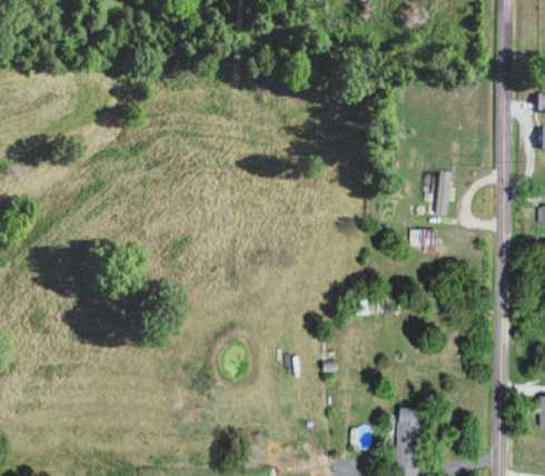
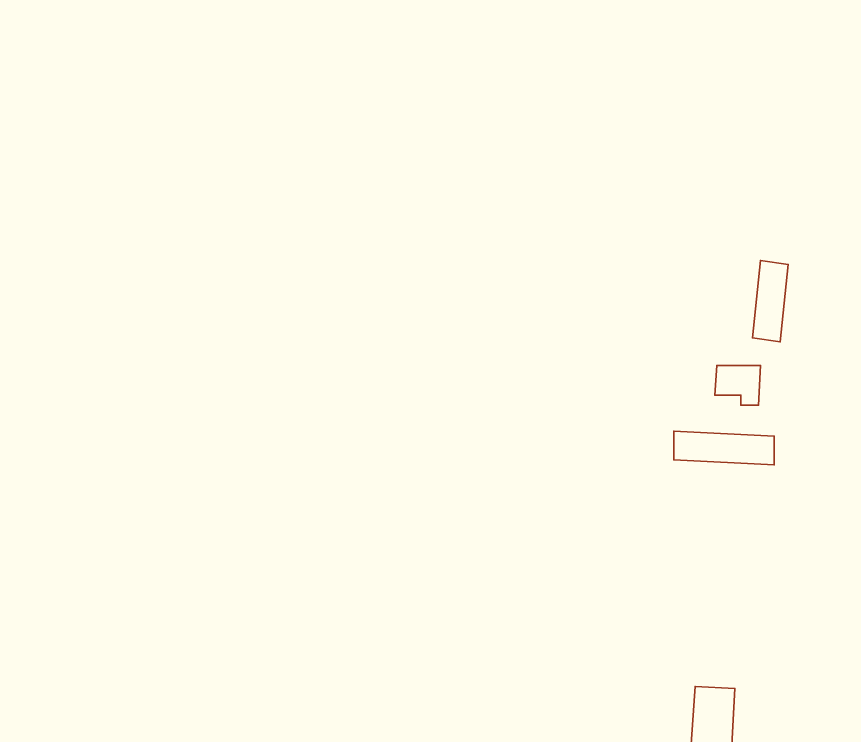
building: none -> [674,431,774,465]

